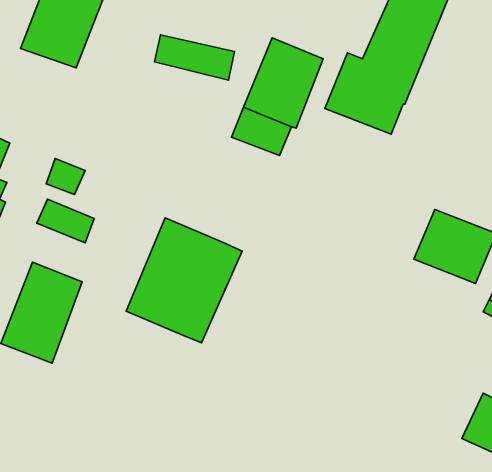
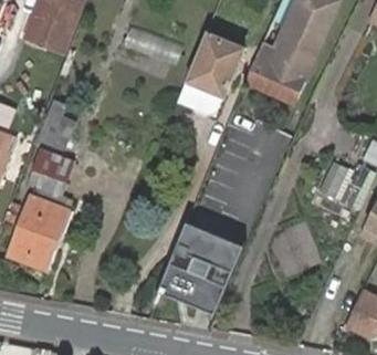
building: [126,218,242,343] -> [159,221,244,313]

